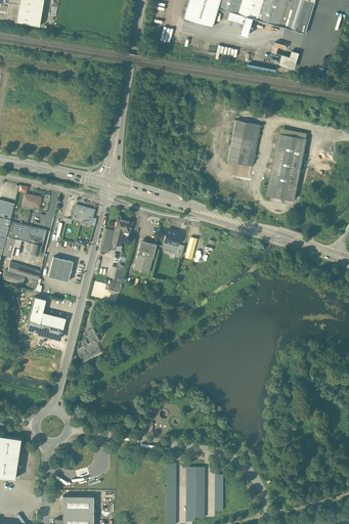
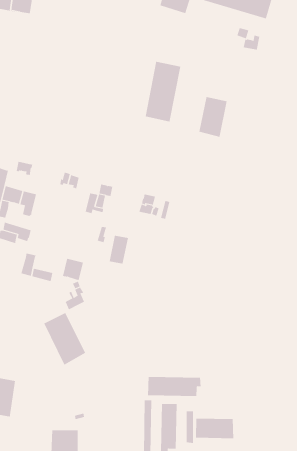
building: [267,133,308,202] -> [145,61,181,122]
building: [133,239,156,272] -> [109,235,129,264]
building: [48,256,73,281] -> [62,258,84,281]
building: none -> [43,312,86,365]
building: none -> [148,376,201,397]
building: none -> [195,418,234,439]

